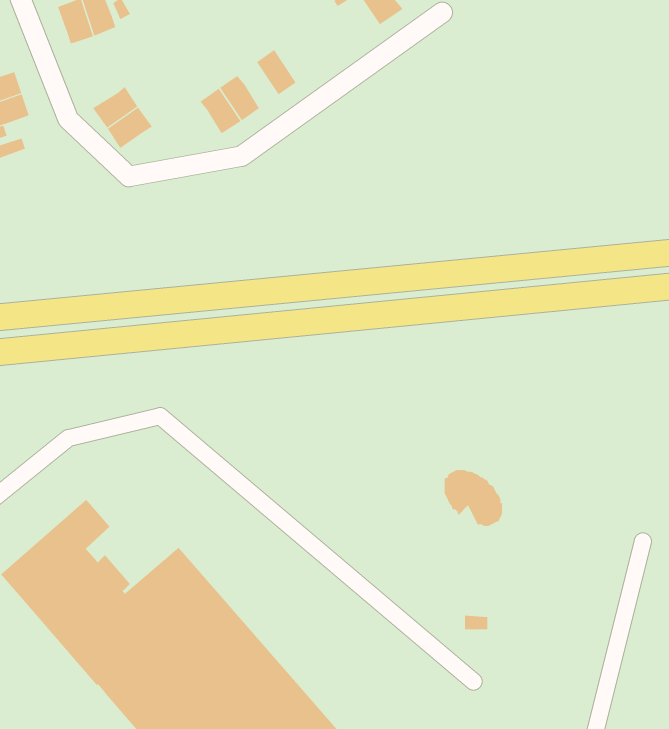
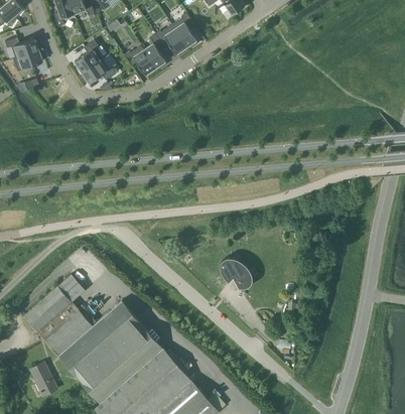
building: none -> [172,13,197,49]
building: [444,469,503,527] -> [221,258,253,289]
building: none -> [30,362,58,396]

